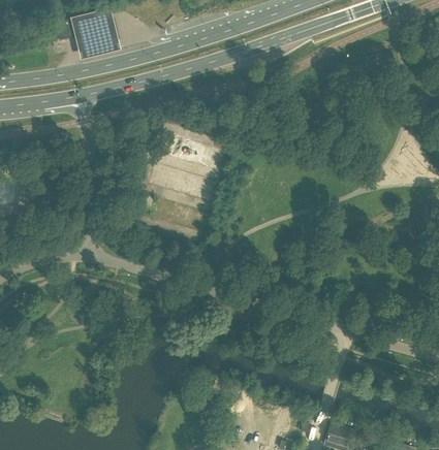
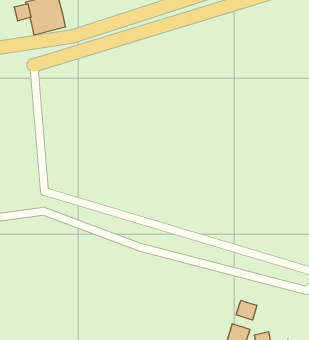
building: none -> [236,300,257,320]

